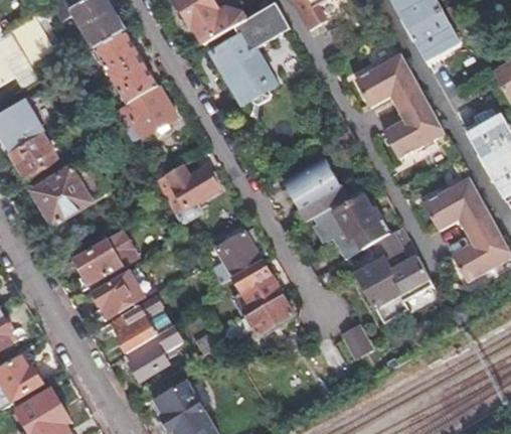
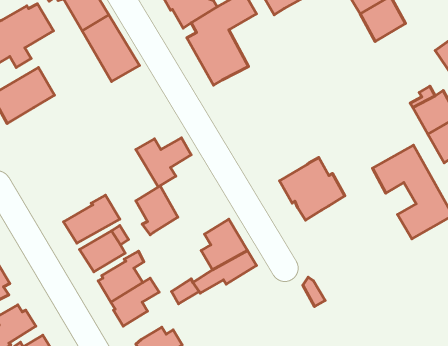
building: [352,52,443,157] -> none
building: [113,86,176,136] -> none
building: [9,133,54,176] -> none
building: [31,155,109,224] -> none
building: [283,158,347,223] -> none
building: [211,224,259,279] -> [136,186,178,235]
building: [353,226,436,327] -> none

